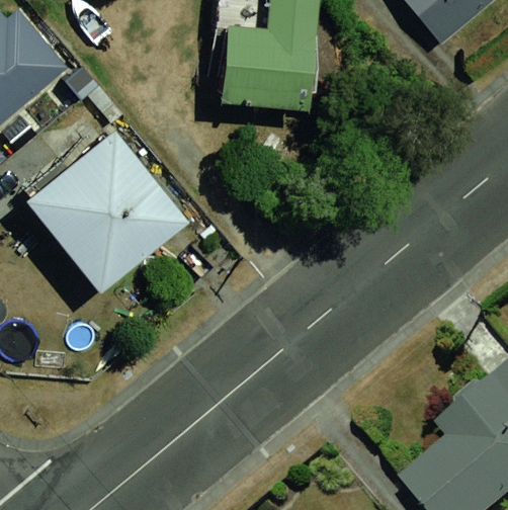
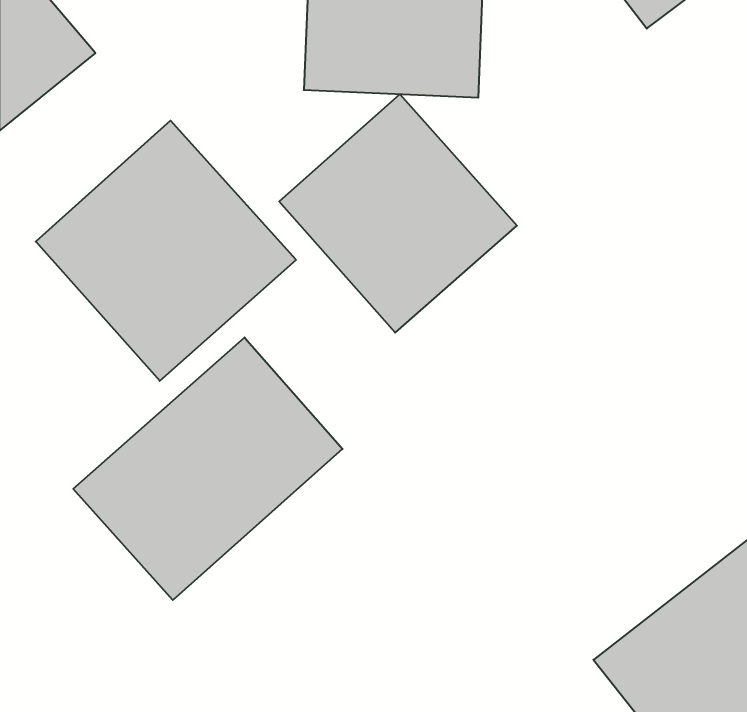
building: none -> [279,94,517,333]
building: none -> [73,337,343,600]

